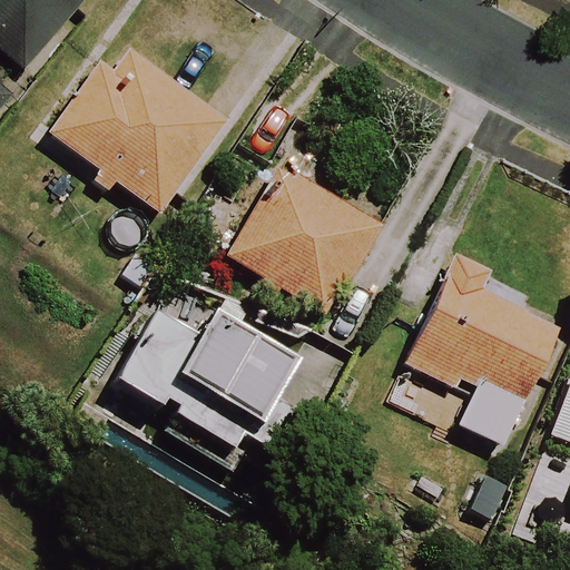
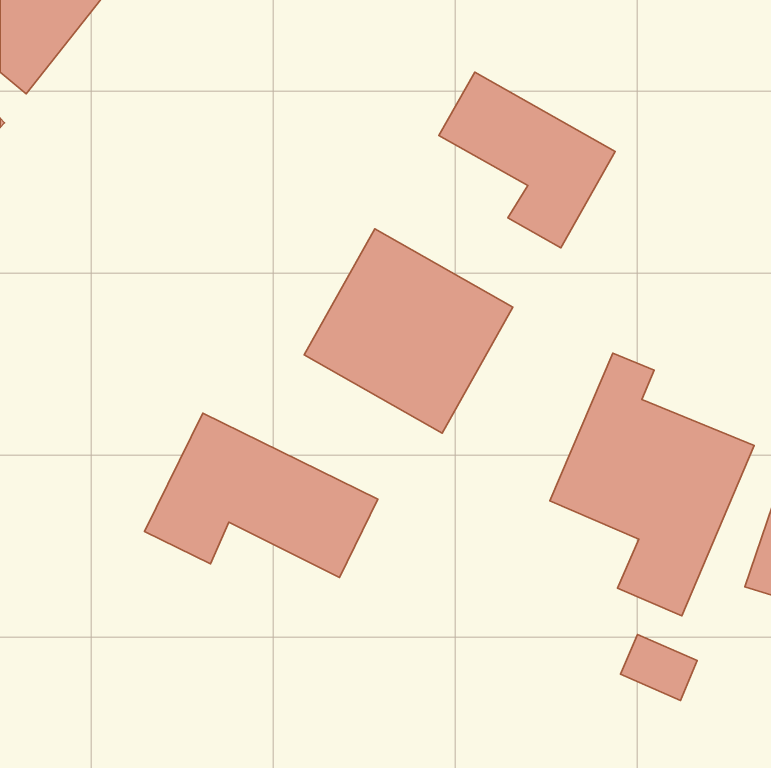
building: [51,42,225,210] -> none
building: none -> [439,72,615,248]

